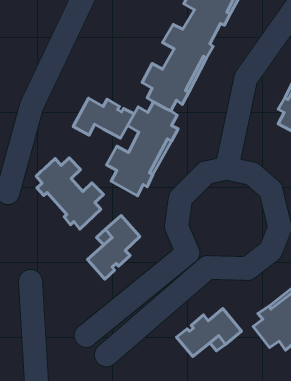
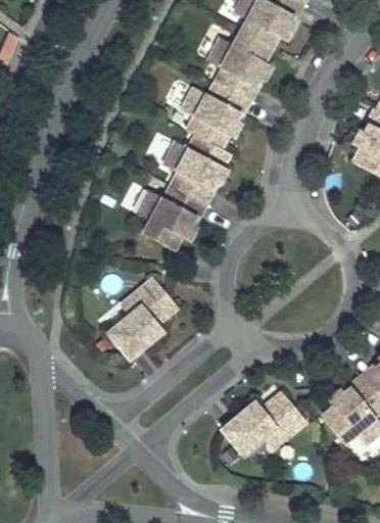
building: [73,98,134,138] -> none
building: [36,158,103,229] -> none

